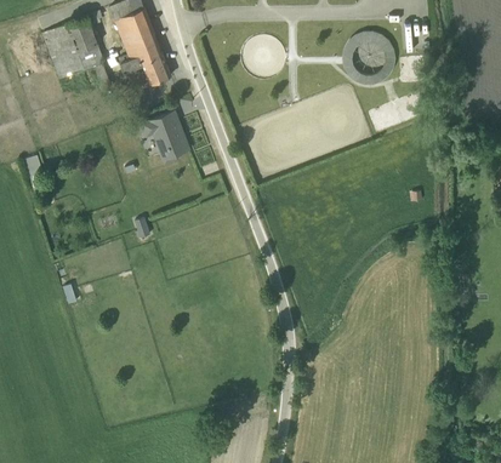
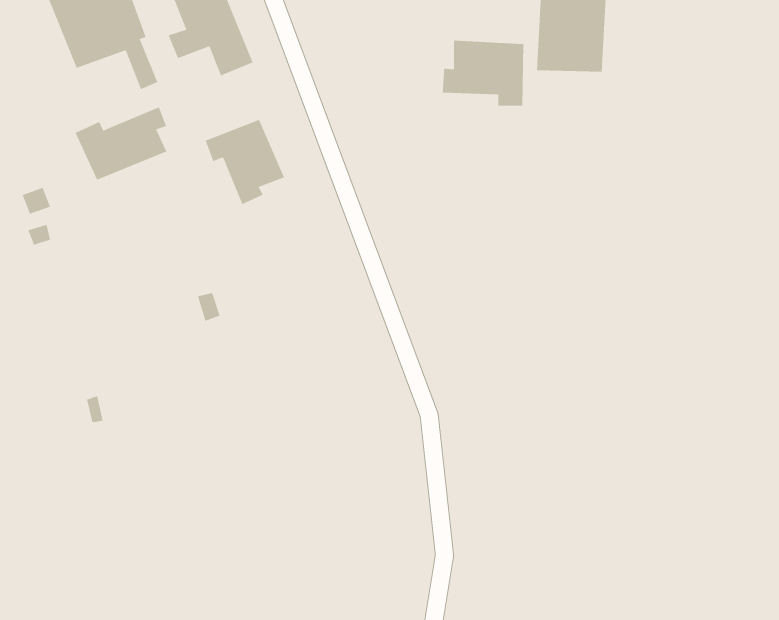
building: none -> [442,40,524,106]
building: none -> [75,107,167,180]

